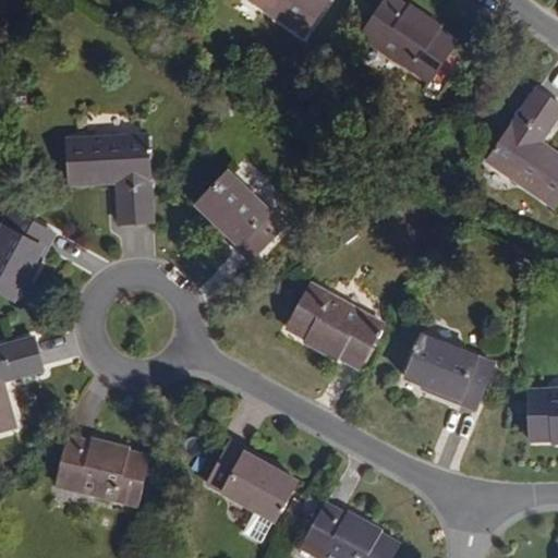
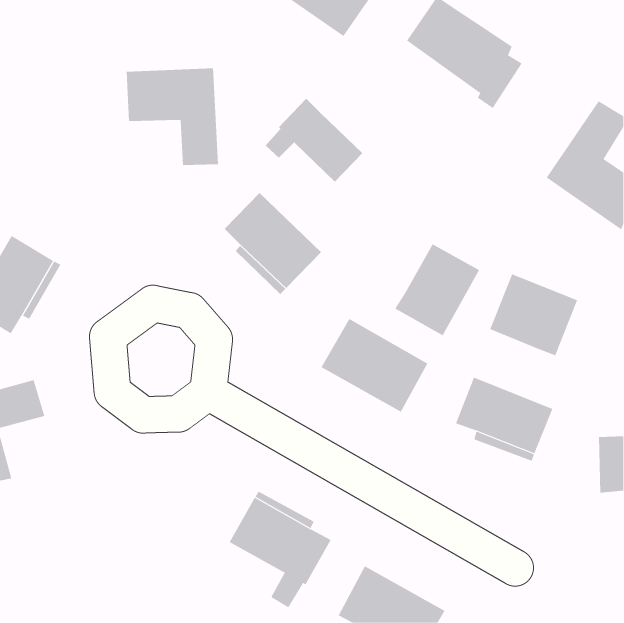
building: none -> [265,98,363,183]
building: [71,135,154,222] -> [126,68,219,166]
building: none -> [395,244,480,336]
building: none -> [489,274,578,356]
building: [56,437,147,507] -> none

